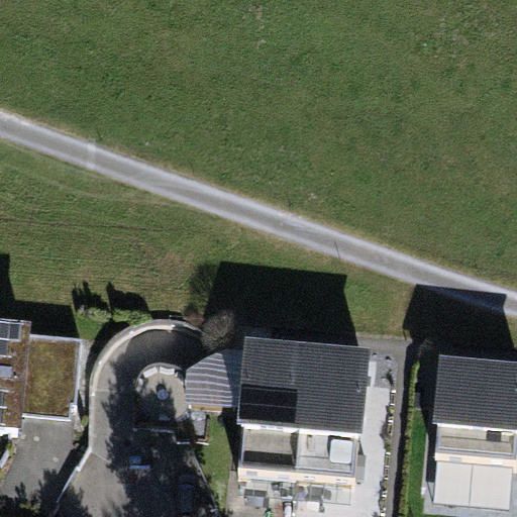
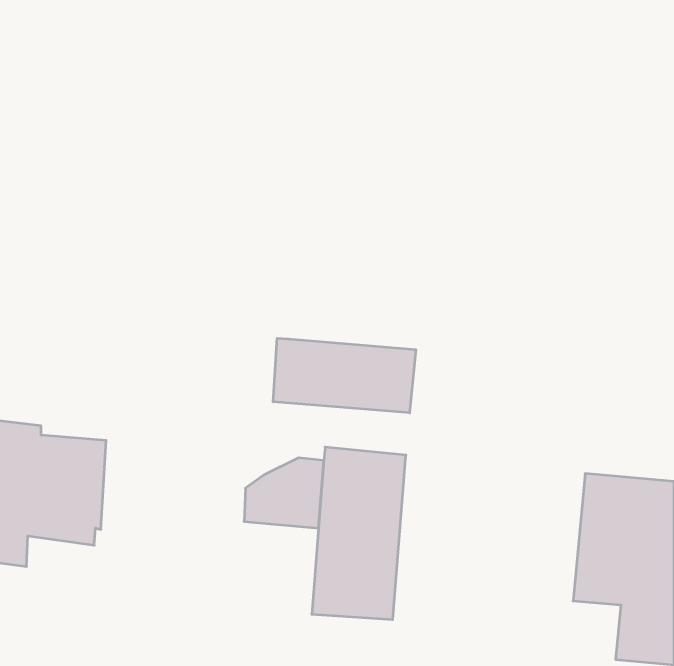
building: none -> [273,338,416,413]
building: [299,346,369,477] -> none

